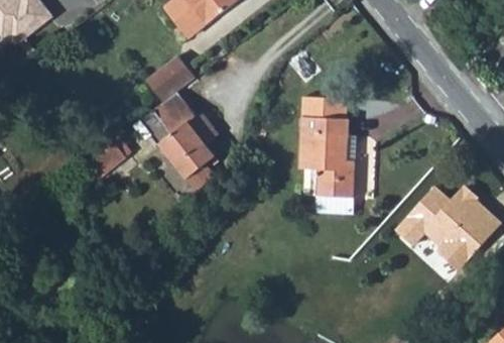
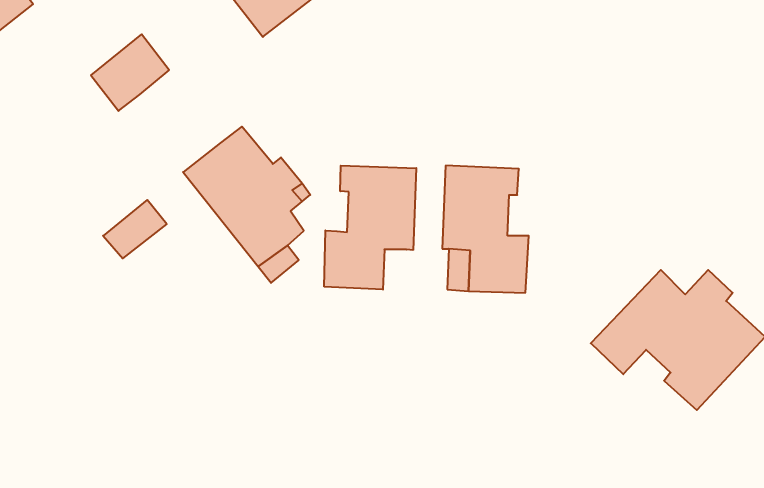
building: [147,55,196,103] -> [91,34,169,111]
building: none -> [324,166,416,290]

